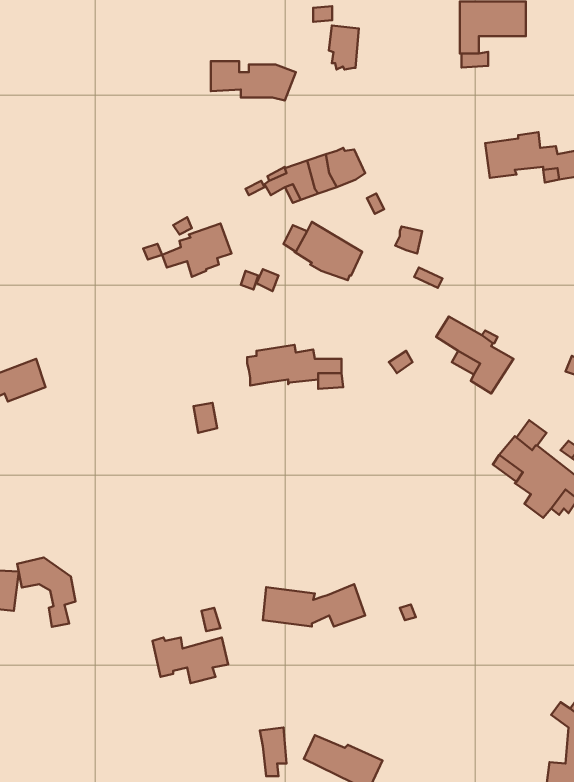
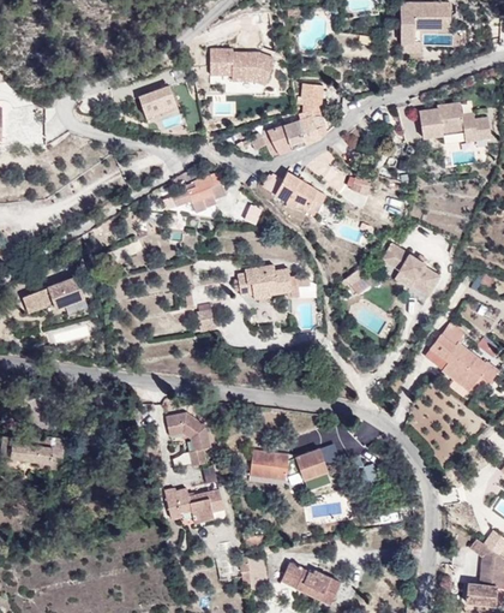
building: [329,25,359,69] -> [300,83,323,117]
building: none -> [138,85,175,114]
building: [17,557,75,627] -> [166,412,210,465]

